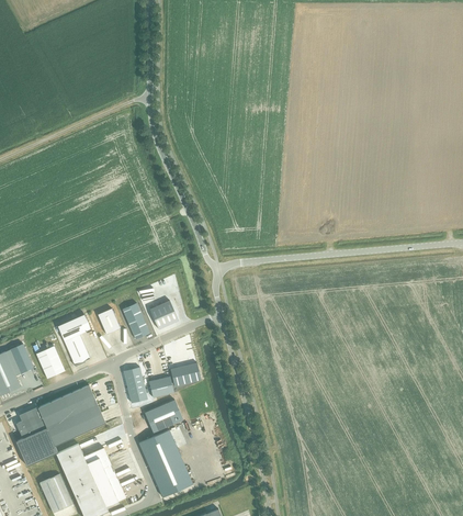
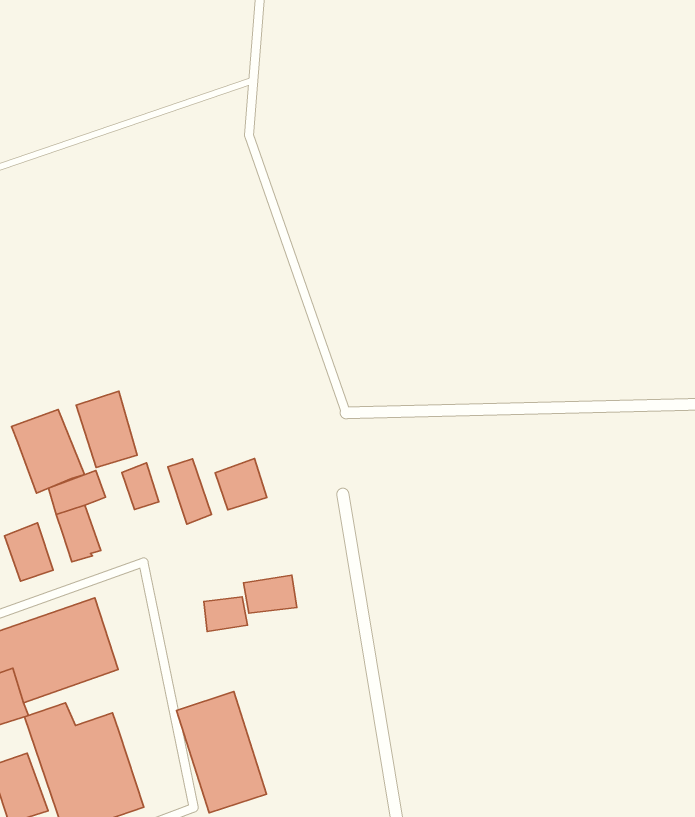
building: none -> [76,391,137,468]
building: none -> [12,409,85,493]
building: [124,367,147,403] -> none
building: [145,400,183,433] -> none

